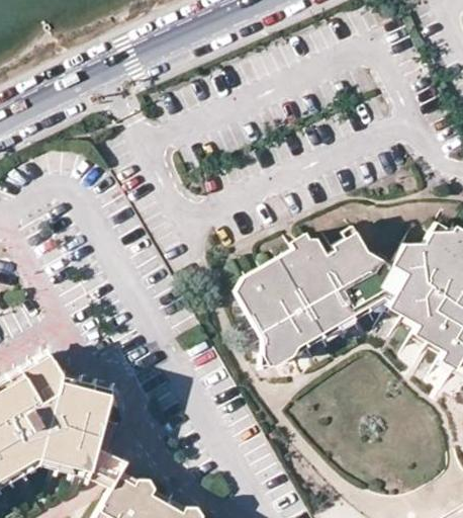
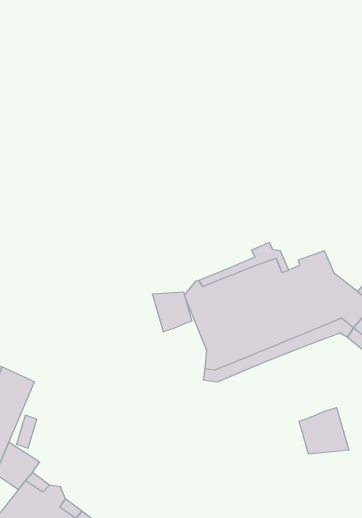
building: none -> [153,292,192,332]
building: none -> [299,408,349,454]

